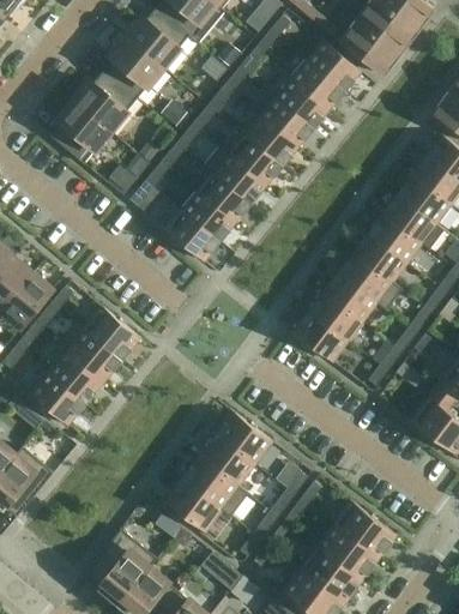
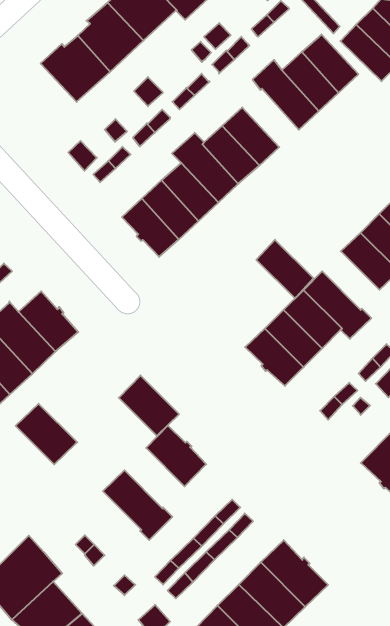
building: [260,96,314,146] -> none
building: [49,101,110,163] -> none
building: [352,233,406,283] -> [256,240,314,298]
building: [199,434,255,487] -> [119,375,179,436]
building: [164,478,222,531] -> [16,404,77,464]

